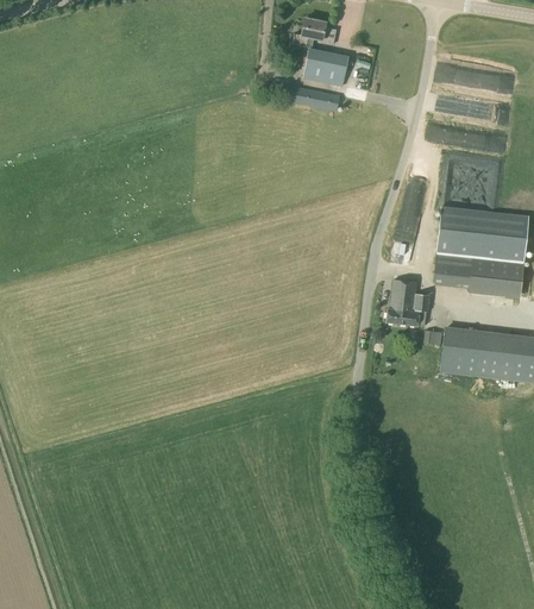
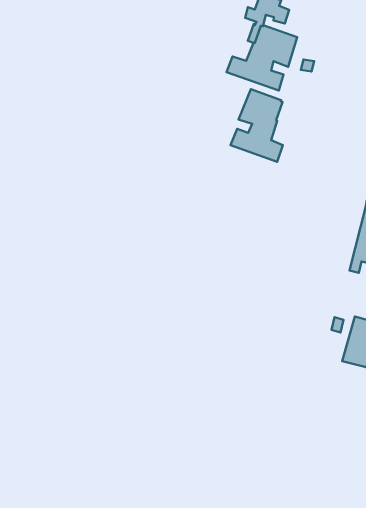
building: none -> [230,89,283,162]
building: [388,280,432,326] -> none

